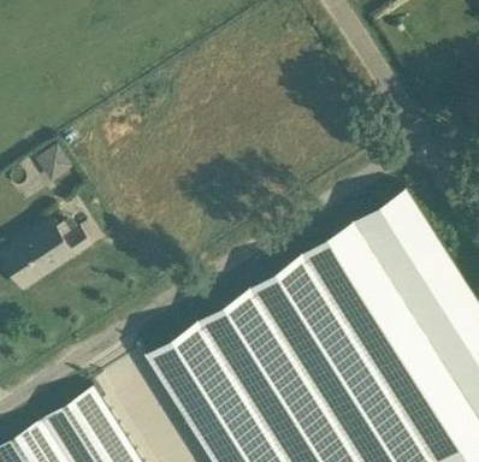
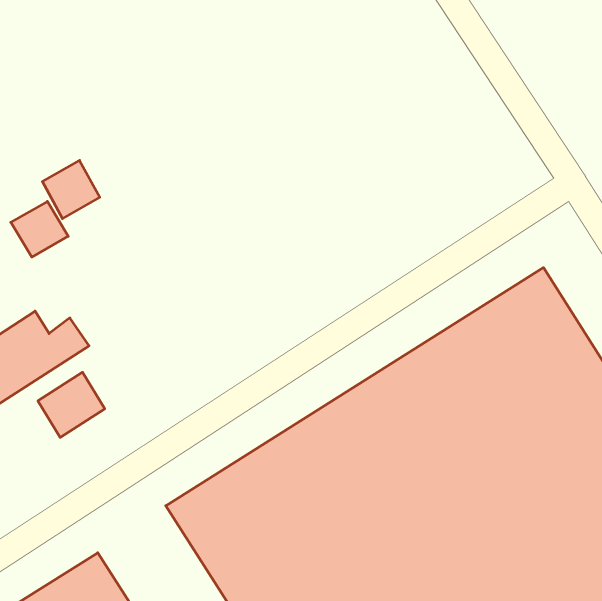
building: none -> [42,160,100,219]
building: none -> [38,372,105,437]

